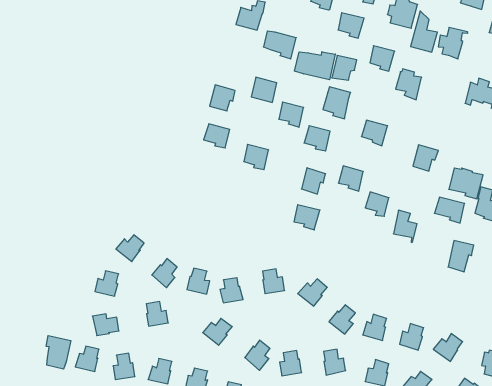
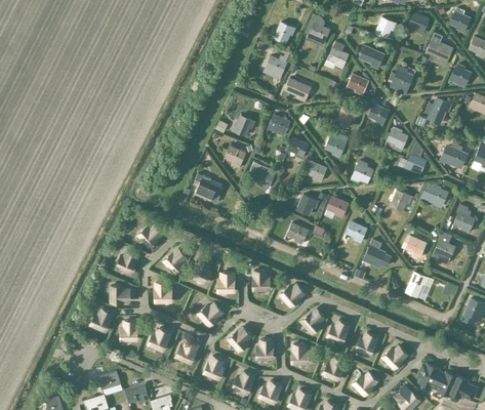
building: [411,11,437,52] -> [404,139,428,174]
building: [295,52,335,80] -> none
building: none -> [194,173,217,201]
building: [449,168,483,199] -> [419,181,449,209]
building: [46,336,71,369] -> none

